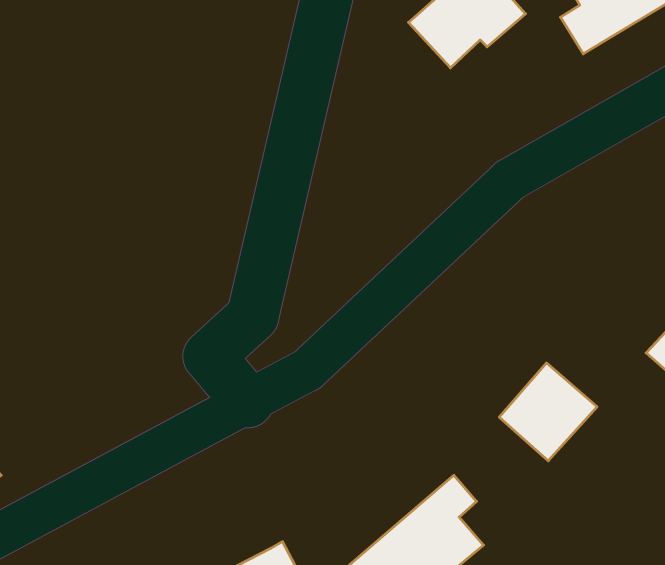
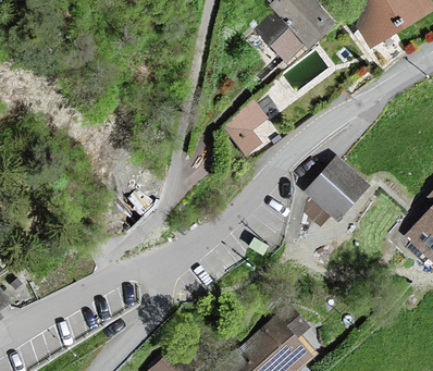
building: none -> [224,104,264,156]
building: [499,363,597,461] -> [307,159,368,220]

